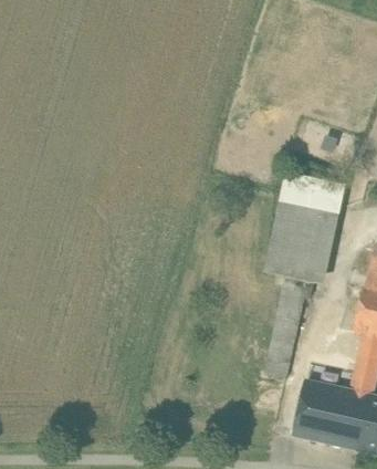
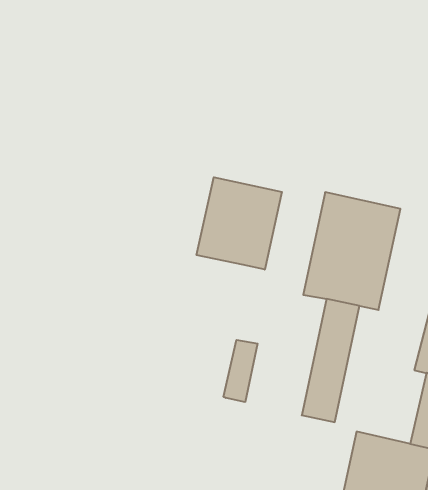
building: none -> [197,177,282,270]
building: none -> [224,340,258,402]

